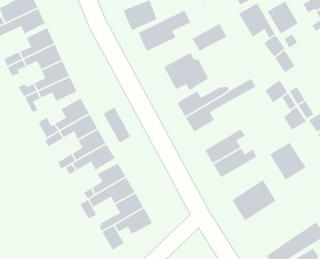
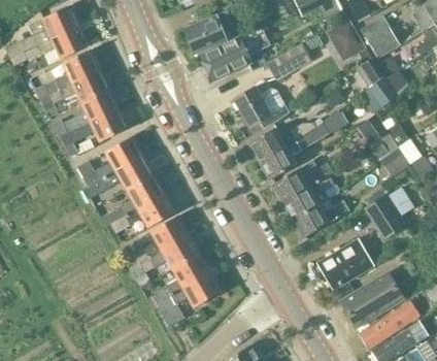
building: [102,107,131,144] -> none
building: none -> [273,165,329,201]
building: none -> [342,271,407,326]

